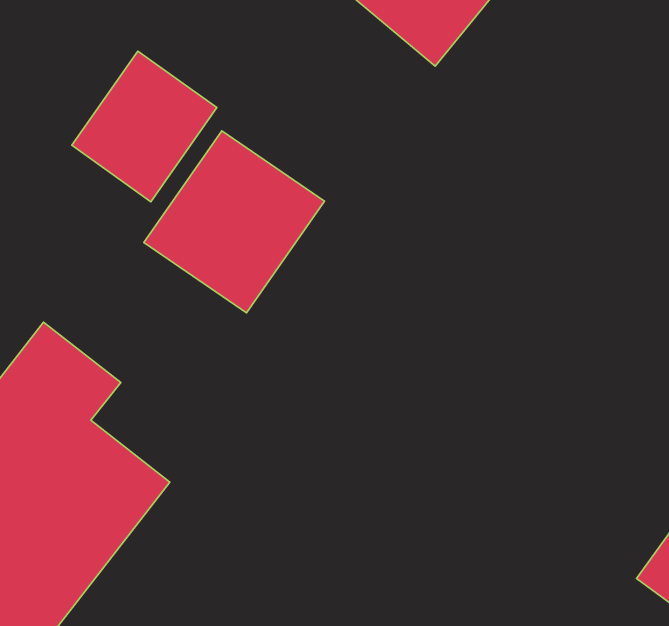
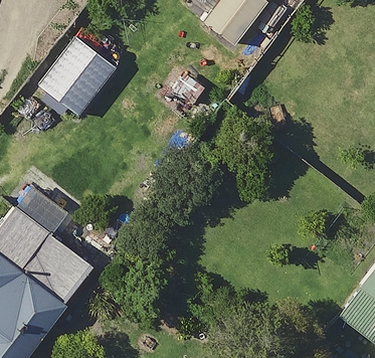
building: [144,131,325,313] -> none

